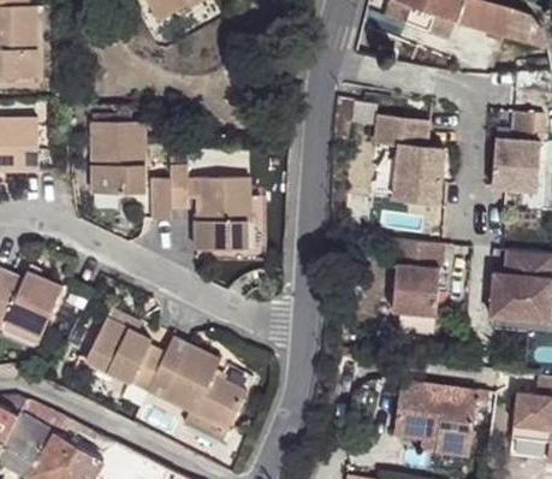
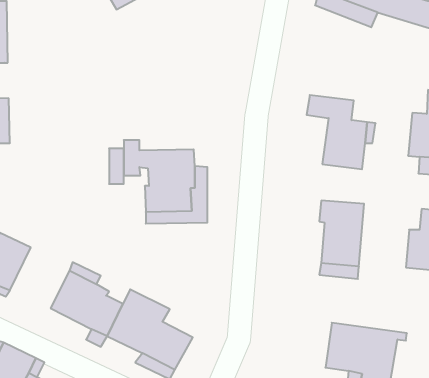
building: [85,122,141,194] -> none

